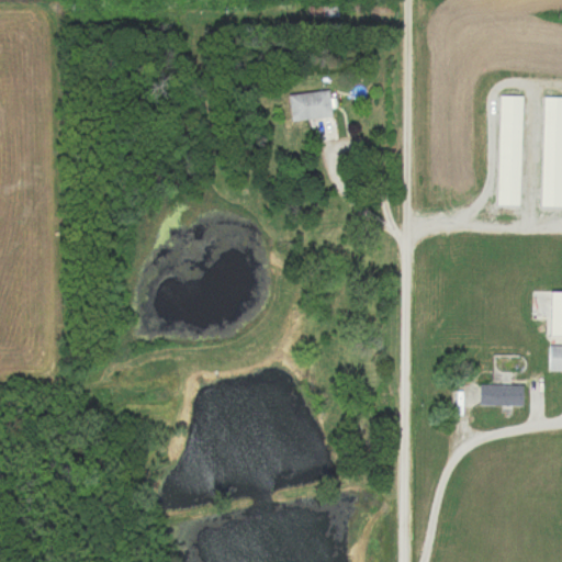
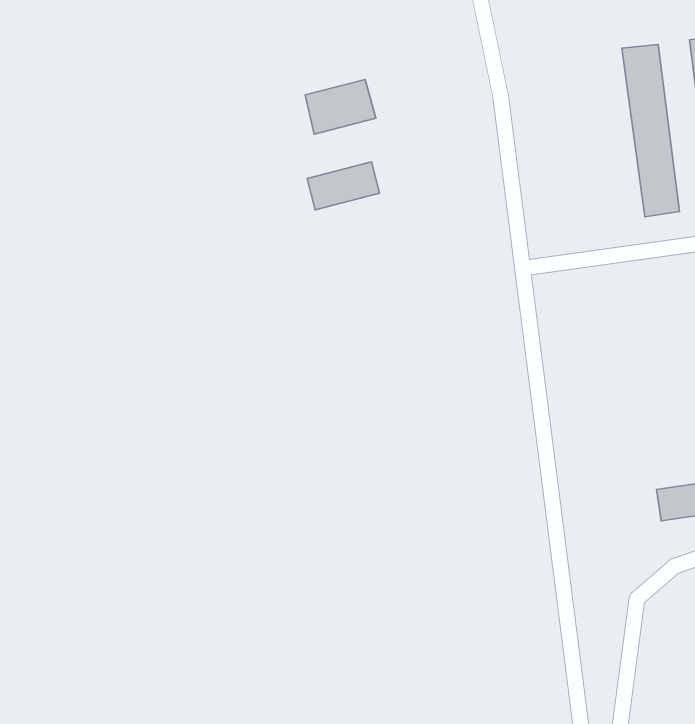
building: none -> [307,162,379,210]

